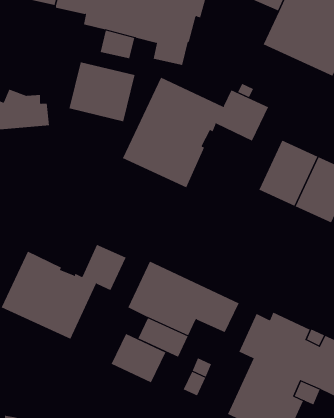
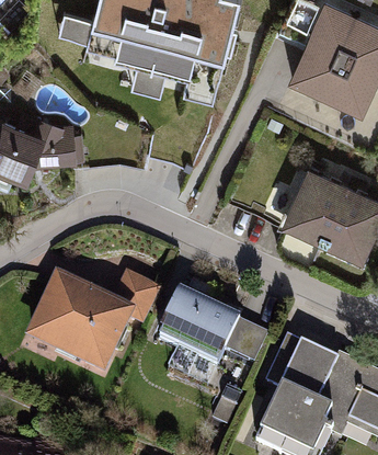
building: [69,61,135,122] -> none
building: [122,77,269,188] -> none
building: [111,333,166,383] -> none

